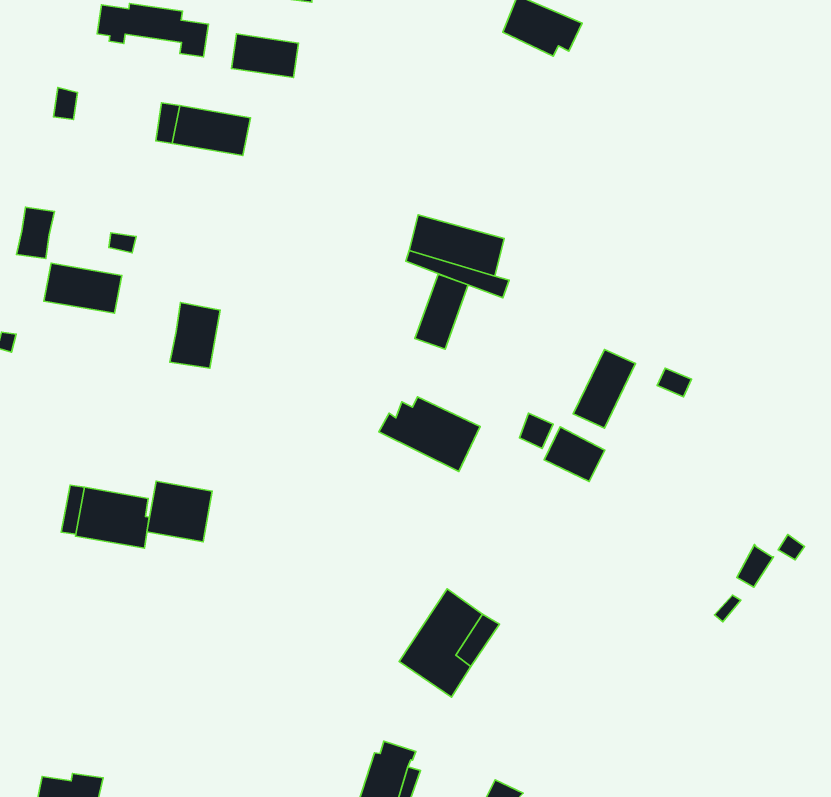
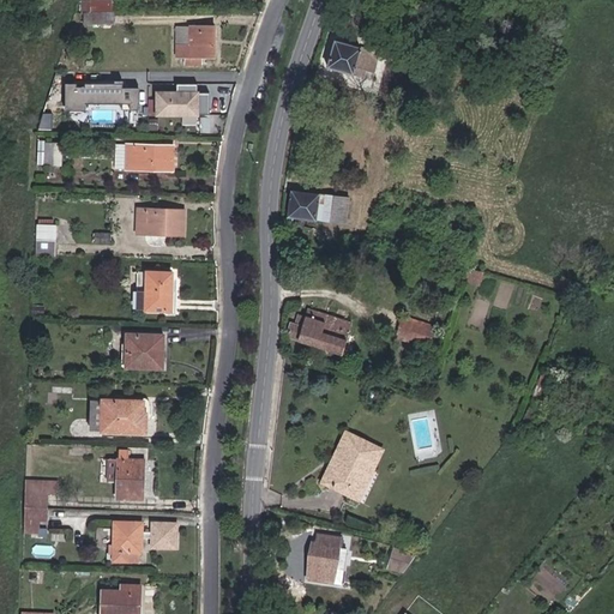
building: [44,263,122,313] -> [136,209,183,235]
building: [415,274,468,349] -> none
building: [573,349,636,428] -> none
building: [147,481,212,542] -> [125,333,163,368]
building: none -> [115,459,143,499]
building: none -> [112,522,175,561]

